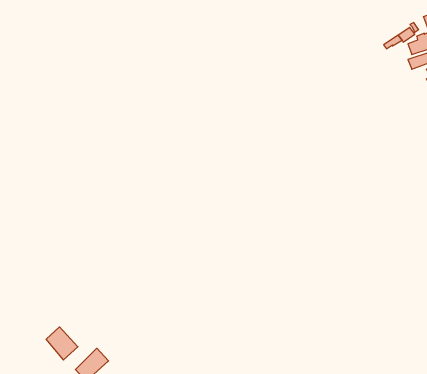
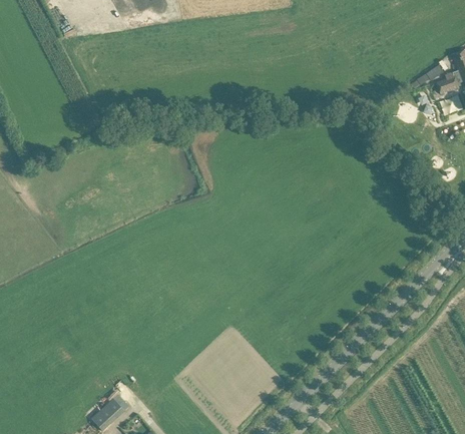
building: [46,327,78,360] -> none

